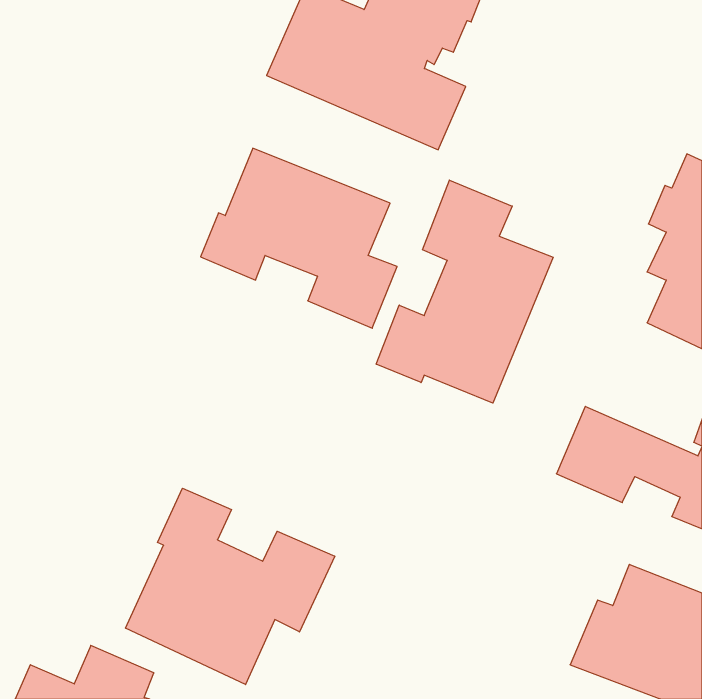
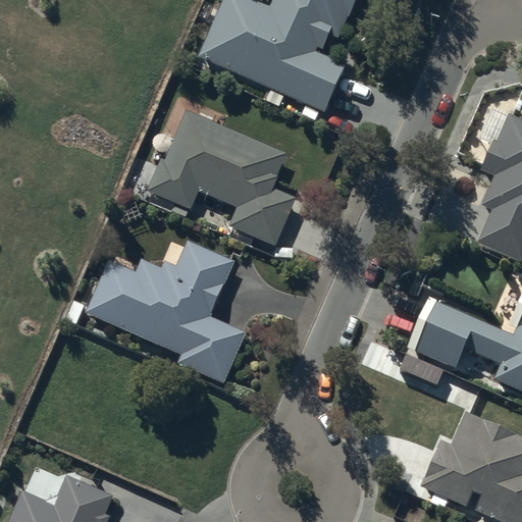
building: [376,180,553,403] -> none
building: none -> [86,241,247,383]
building: [126,488,335,685] -> none

